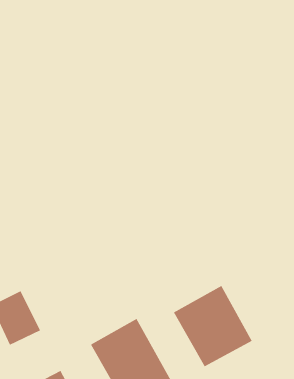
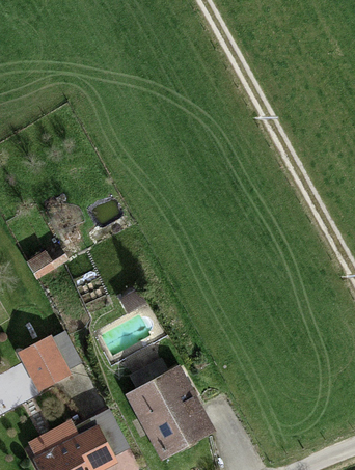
building: [173,285,252,367] -> none

